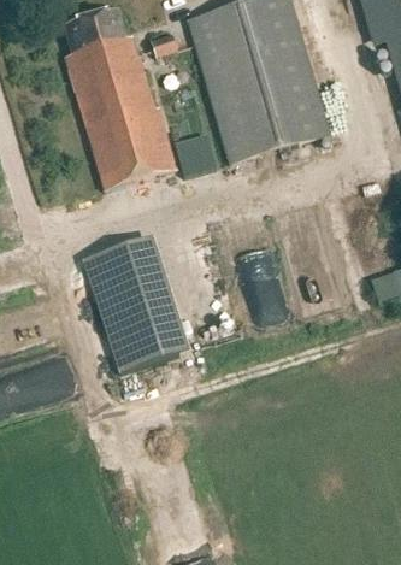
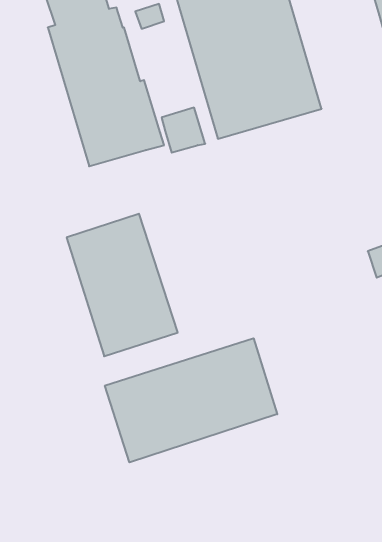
building: none -> [105,338,277,462]

